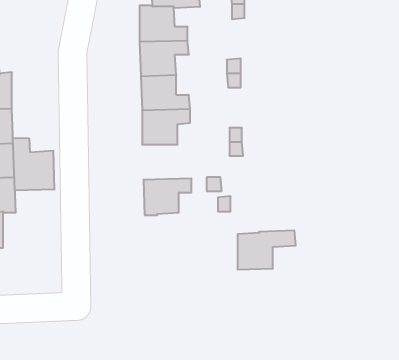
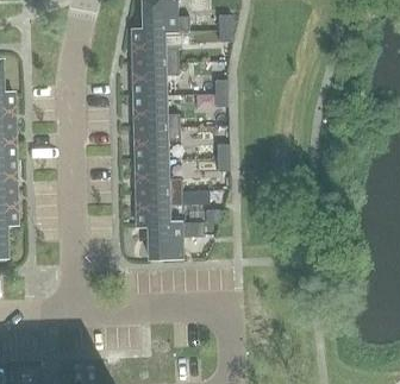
building: [13,138,54,191] -> none
building: none -> [136,159,182,193]
building: [238,230,296,270] -> [150,221,205,258]

